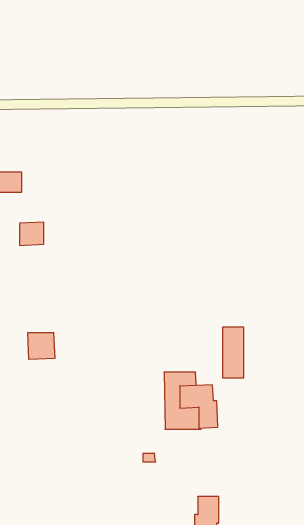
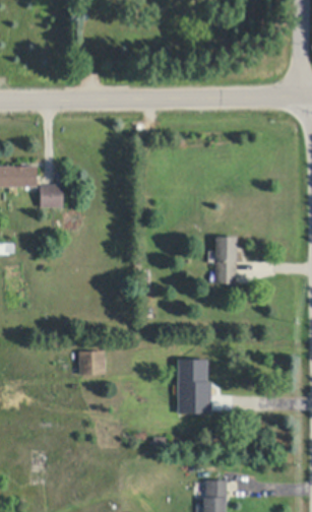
building: [20,222,44,245] -> [40,184,63,206]
building: [223,327,244,378] -> [215,235,236,283]
building: [28,333,55,359] -> [80,349,107,375]

